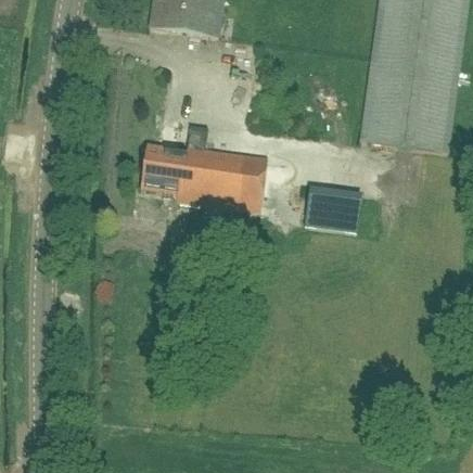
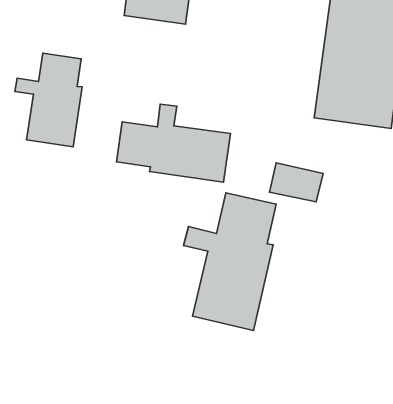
building: none -> [15,53,82,147]
building: none -> [183,193,276,331]

